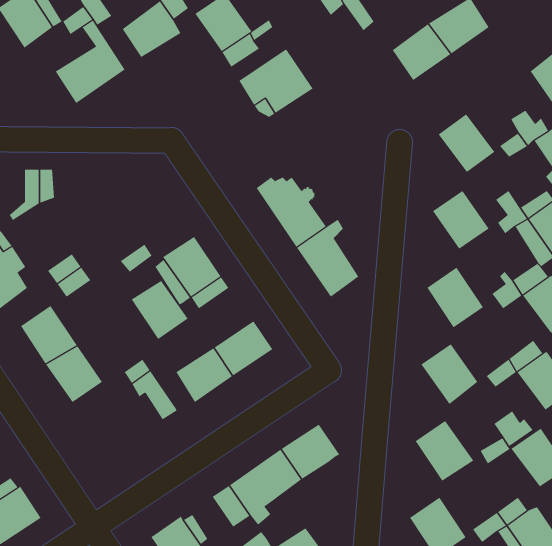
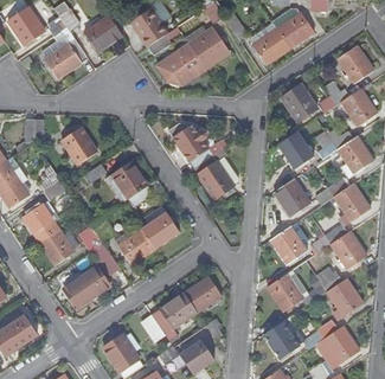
building: none -> [187,28,227,70]
building: [131,280,188,340] -> [62,128,97,165]
building: none -> [65,266,110,307]

